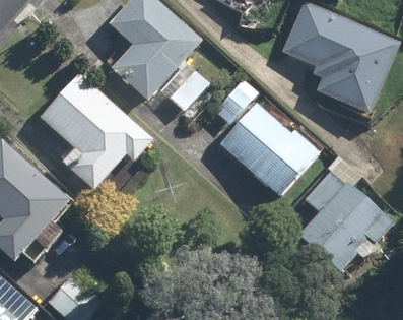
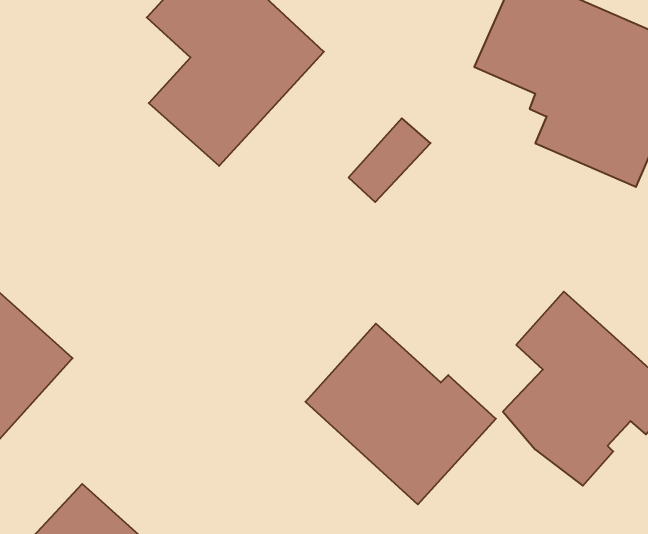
building: [39,72,153,191] -> none
building: [218,101,320,197] -> [305,324,496,504]

